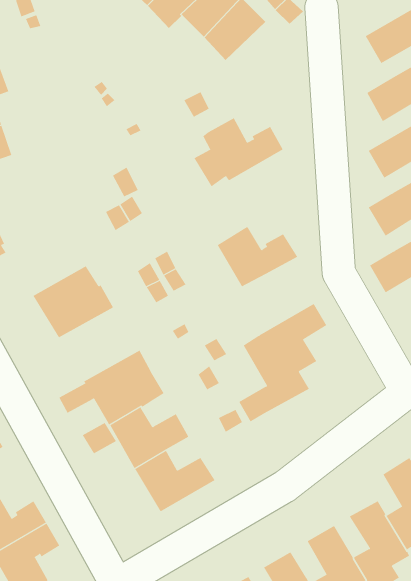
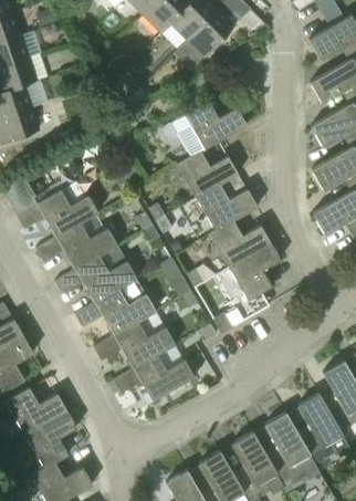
building: none -> [176,152,238,199]
building: none -> [35,180,98,238]
building: none -> [209,221,270,268]
building: none -> [56,247,137,303]

